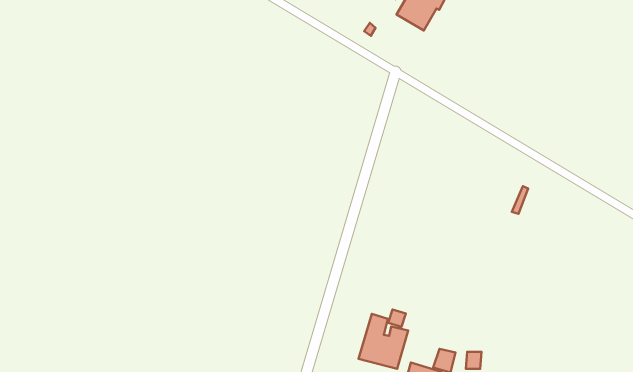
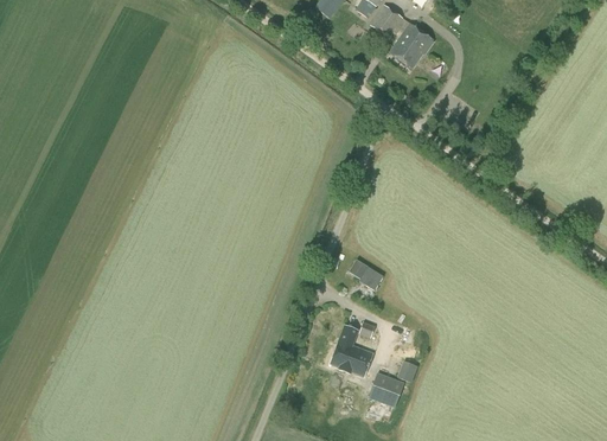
building: none -> [346,257,383,288]

